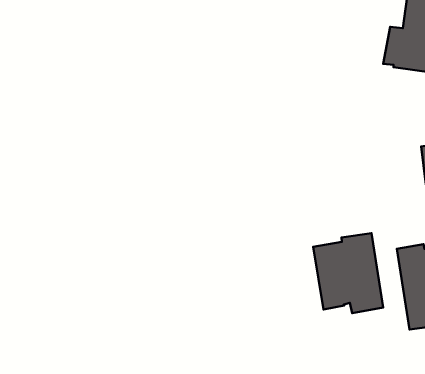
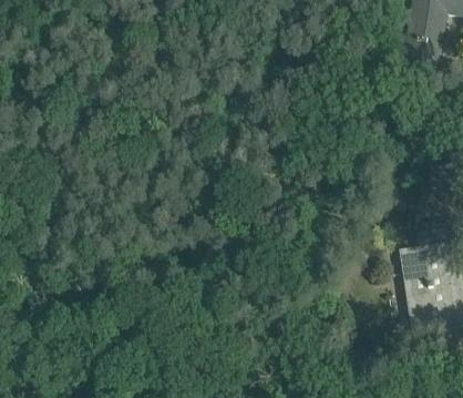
building: [313,233,383,313] -> none

